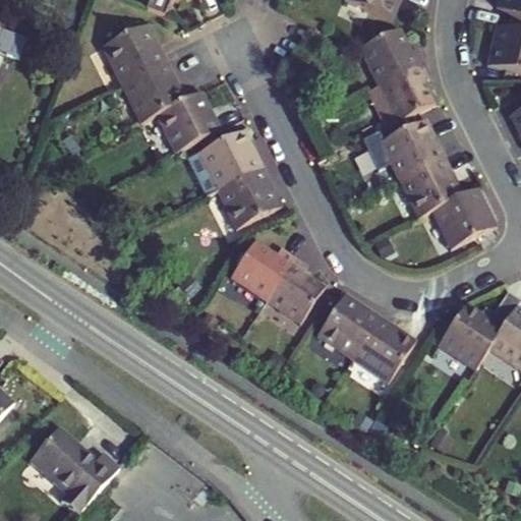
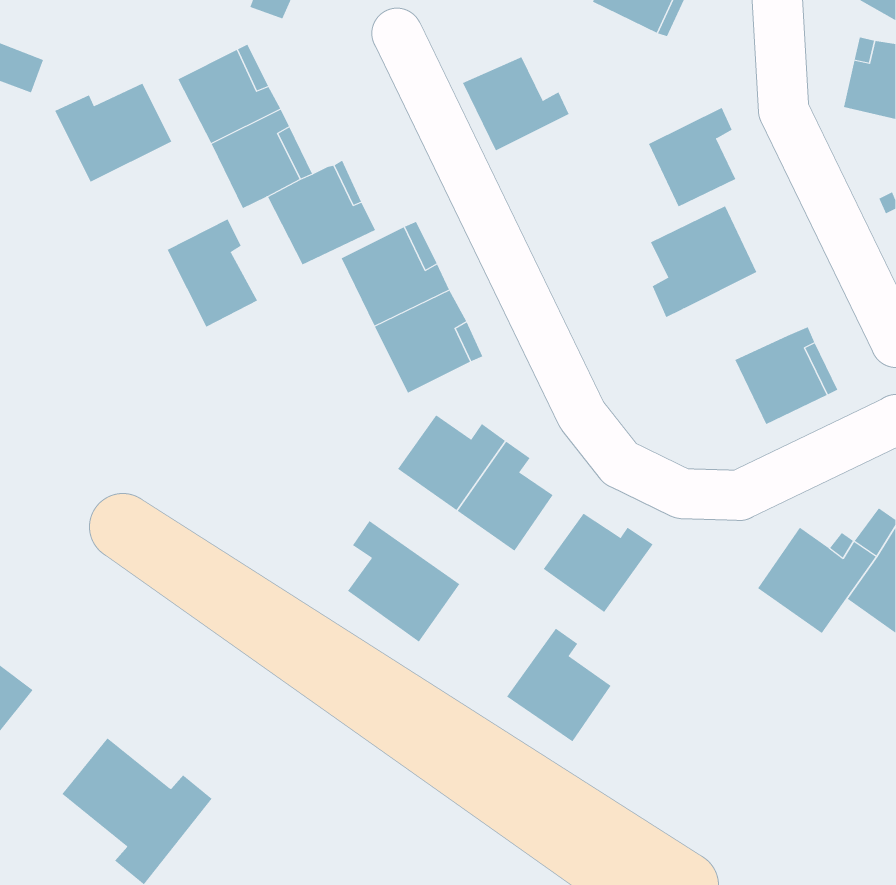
building: [356,28,418,83] -> [462,56,569,151]
building: none -> [54,83,172,183]
building: none -> [167,218,258,328]
building: [396,158,456,215] -> none
building: none -> [347,520,460,642]
building: [350,315,411,382] -> [506,628,612,742]

